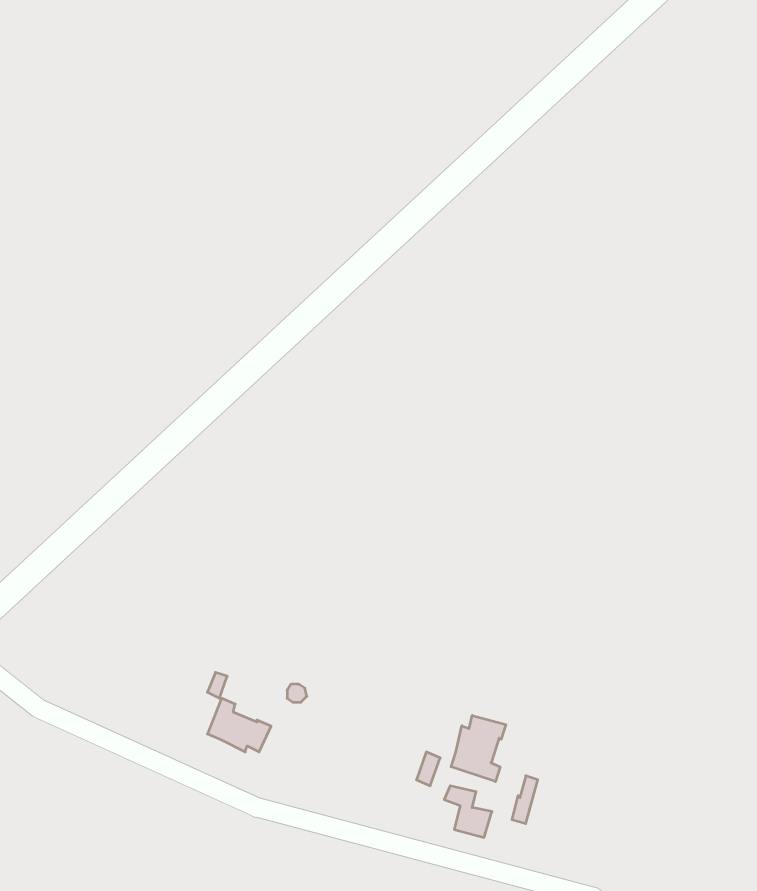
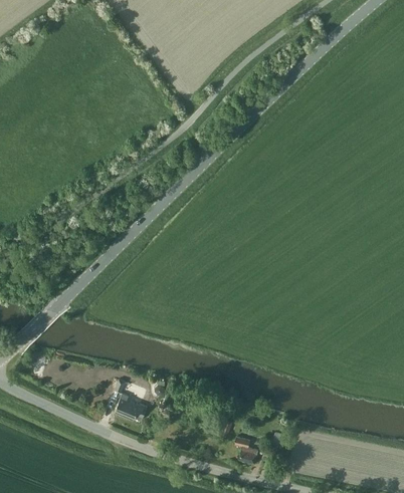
building: [451,715,506,782] -> none

